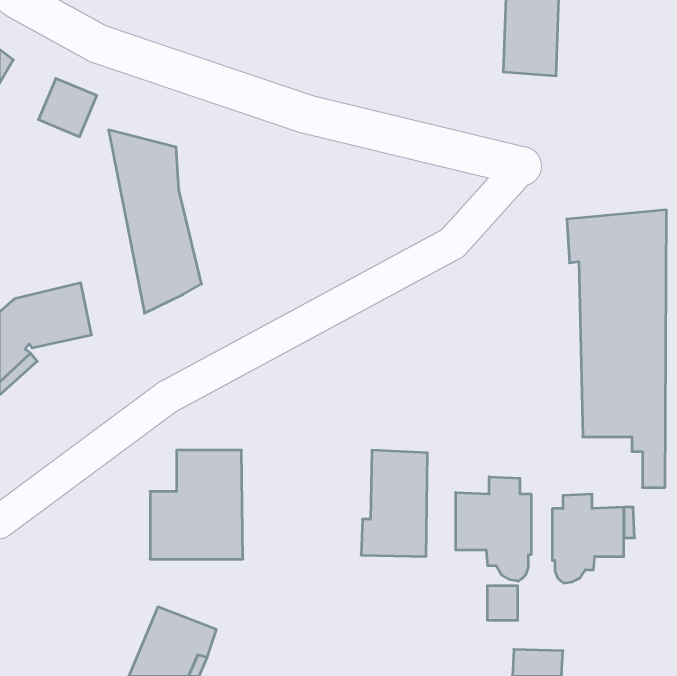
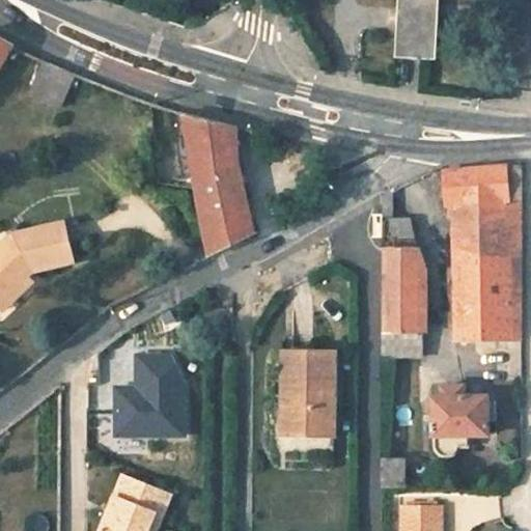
building: [109,130,202,313] -> [180,113,253,256]
building: none -> [381,189,421,358]
building: [456,477,531,581] -> none

